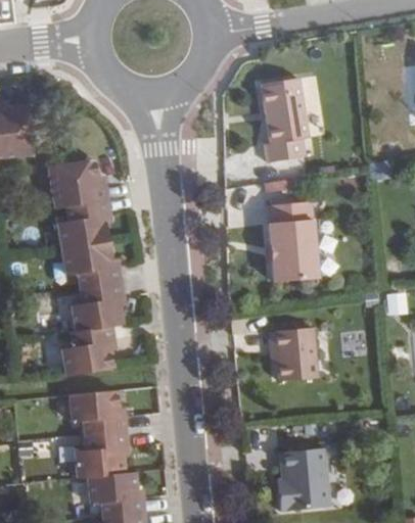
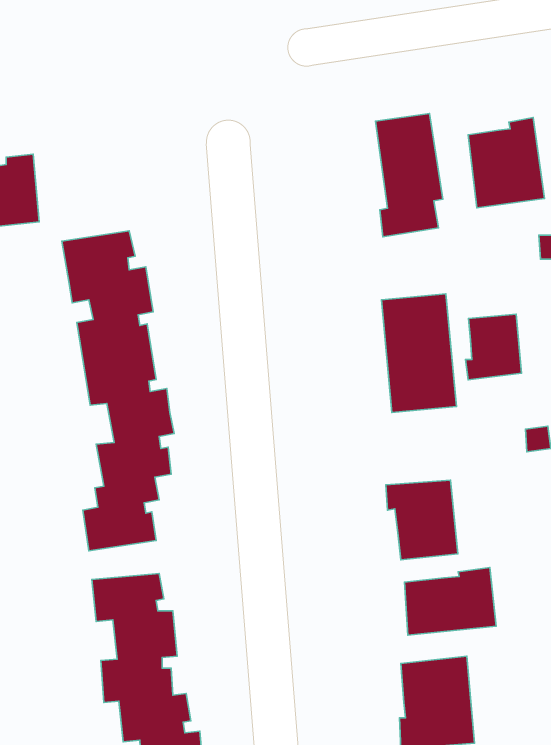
building: none -> [468,117,545,208]
building: none -> [465,314,522,380]
building: none -> [404,568,496,635]

